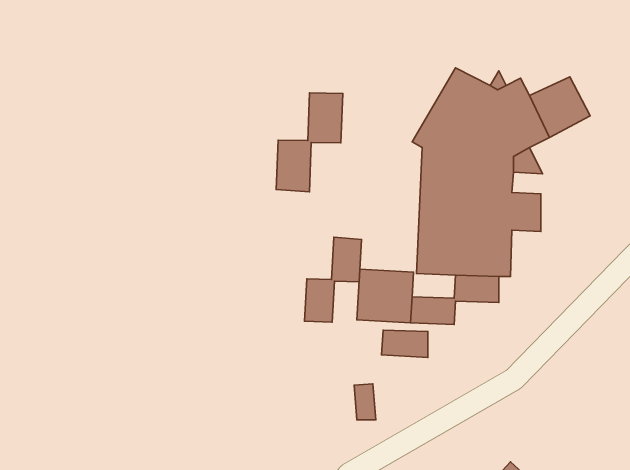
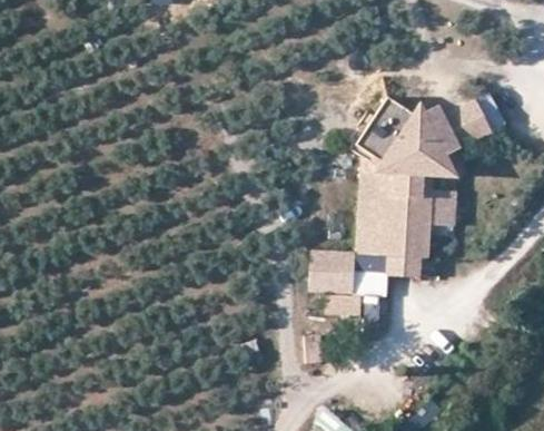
building: [276,93,343,192] -> none
building: [305,237,361,322] -> none

